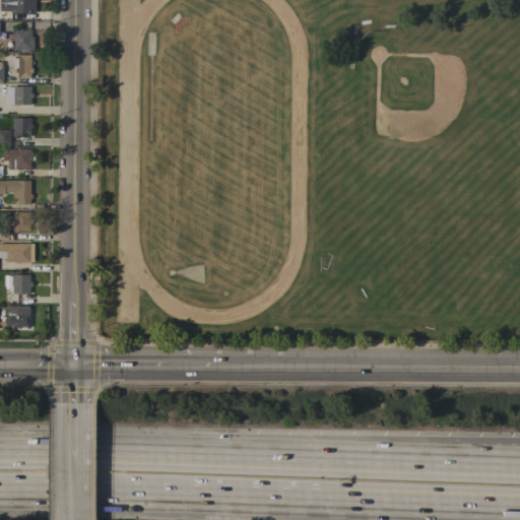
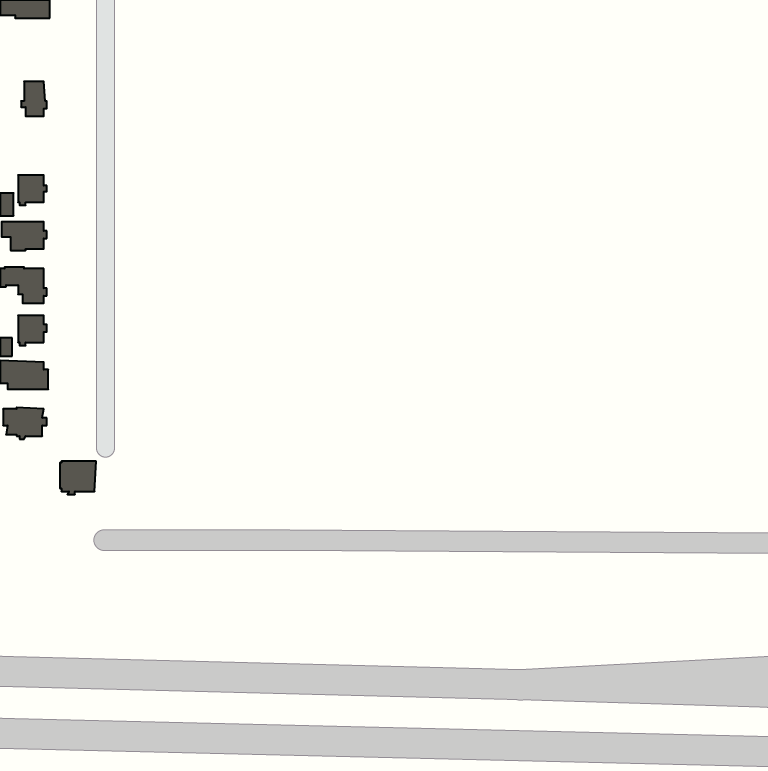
building: [13,30,35,50] -> none
building: [6,85,34,107] -> none
building: [7,307,31,329] -> [60,461,96,494]

